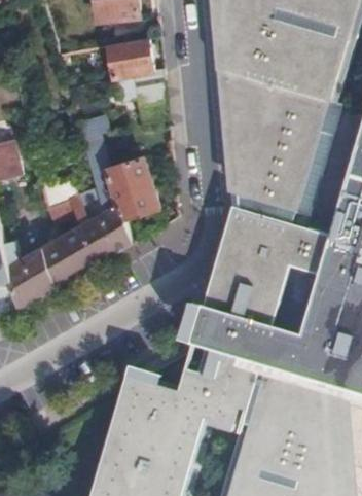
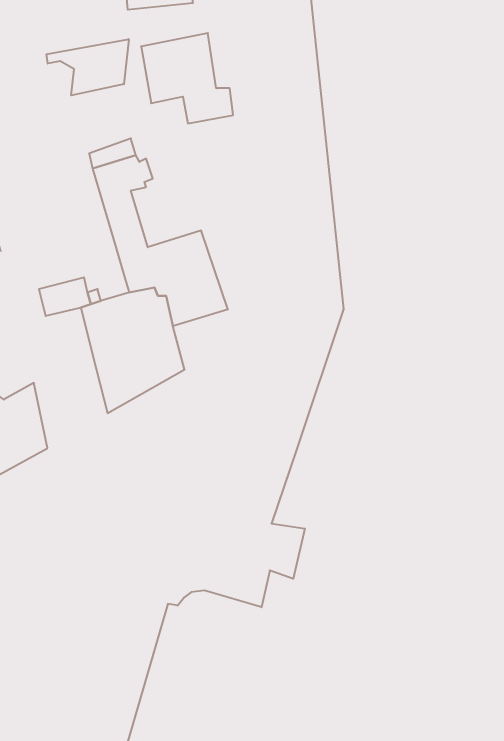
building: none -> [47,39,129,95]
building: [39,235,84,292] -> none

